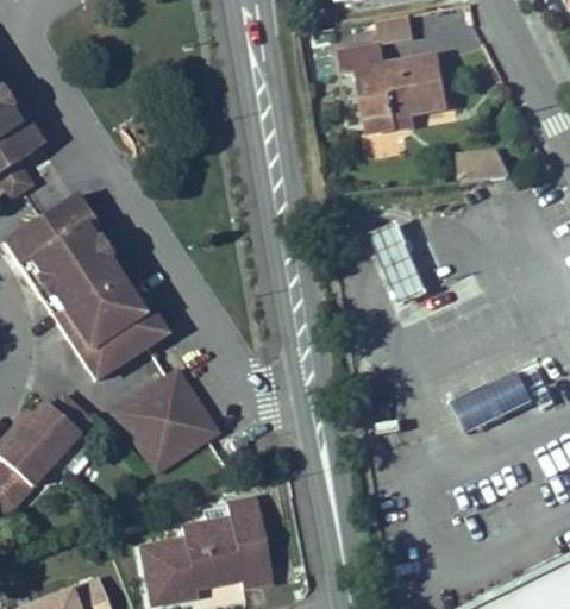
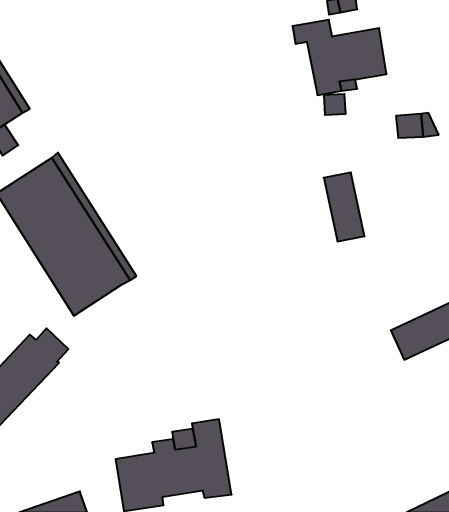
building: [111,364,224,473] -> none

